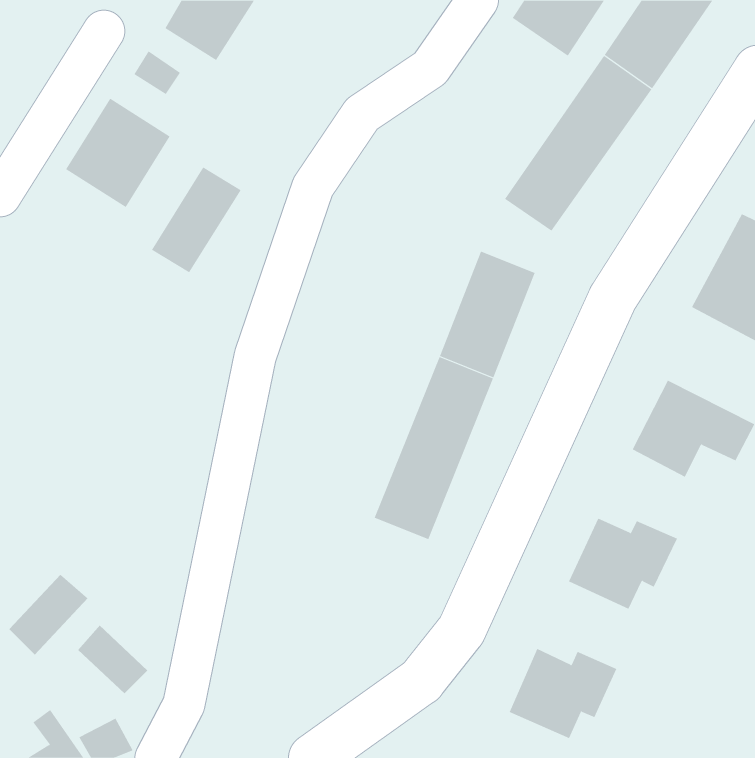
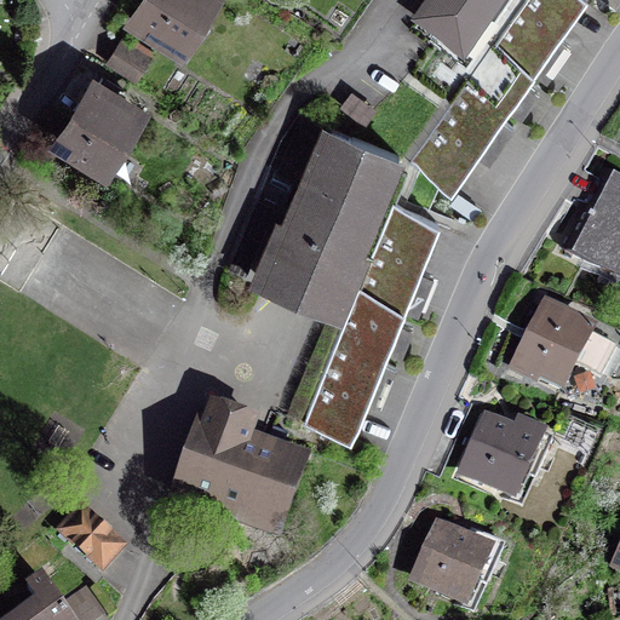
building: none -> [252,114,400,310]
building: [151,167,241,273] -> none
building: none -> [185,407,302,523]
building: [9,574,88,655] -> none

